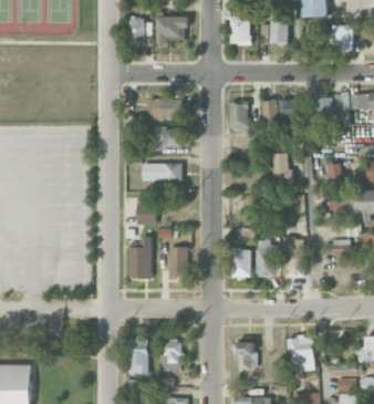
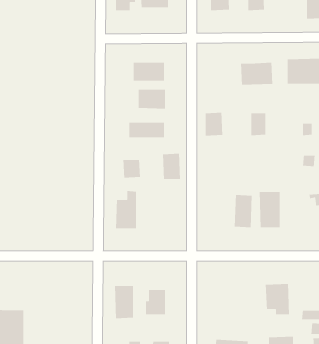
building: [229,102,249,128] -> [205,112,223,137]
building: [168,246,188,274] -> [162,153,181,180]
building: [231,248,251,278] -> none
building: [236,341,257,369] -> none

